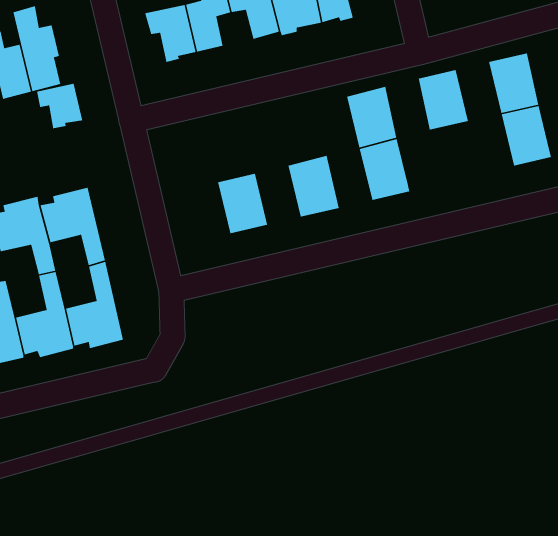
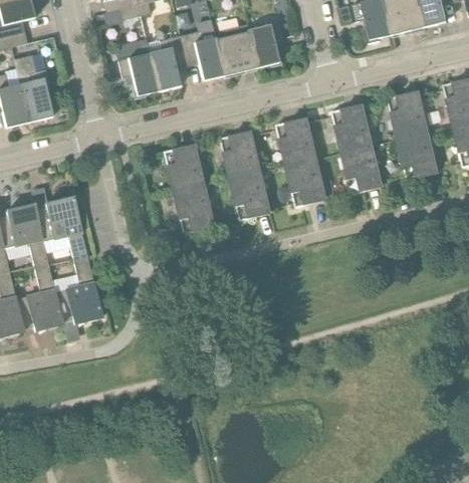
building: [36,83,83,129] -> none
building: none -> [220,130,260,178]
building: none -> [164,143,204,191]
building: none -> [340,144,382,193]

